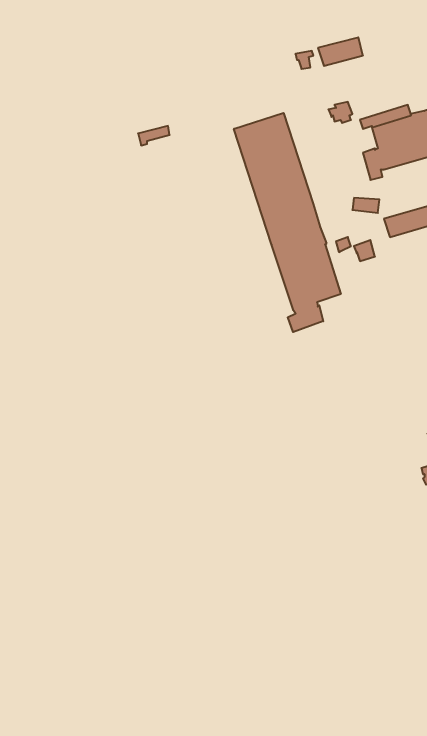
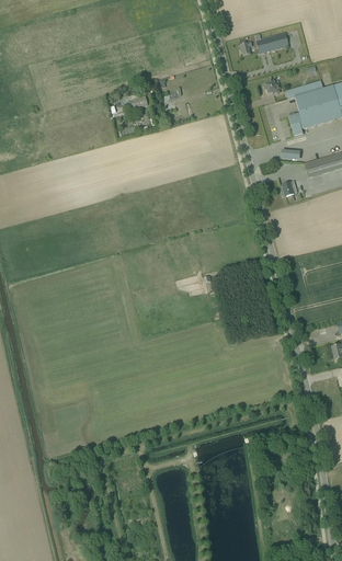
building: [234,113,341,332] -> none

